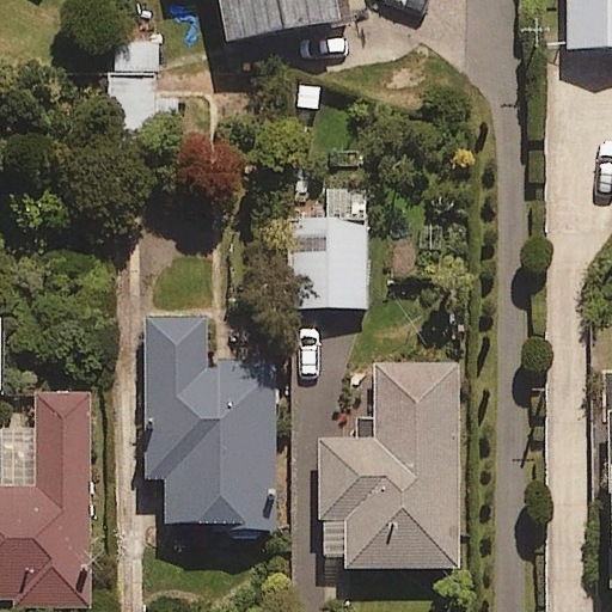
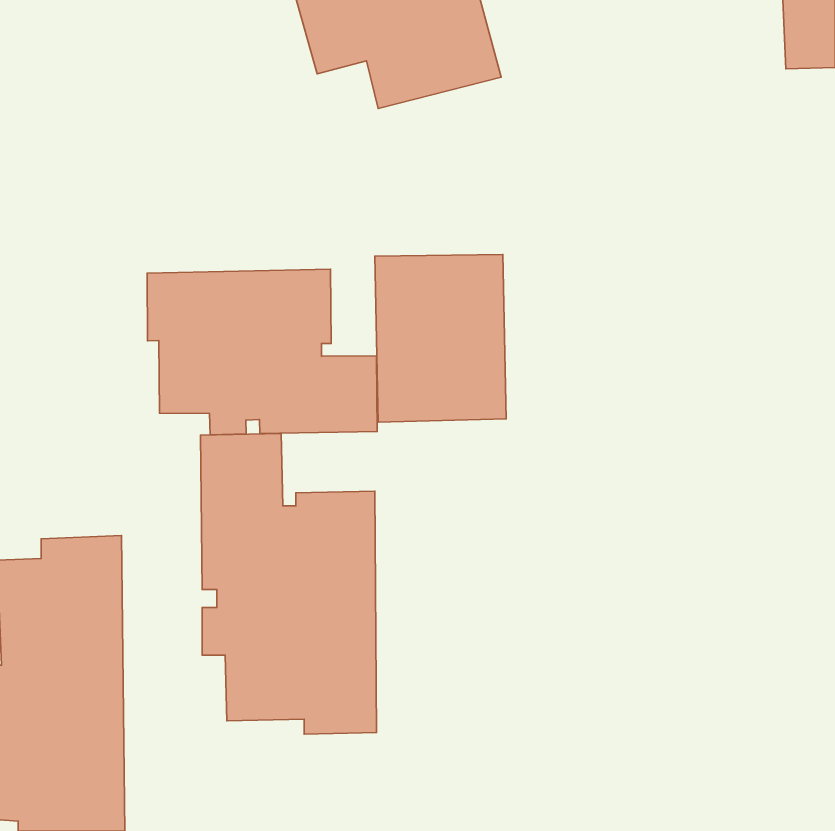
building: none -> [147,269,377,435]
building: [320,365,458,567] -> none

